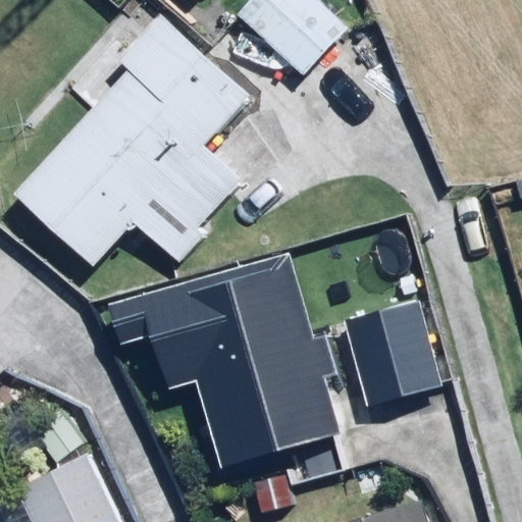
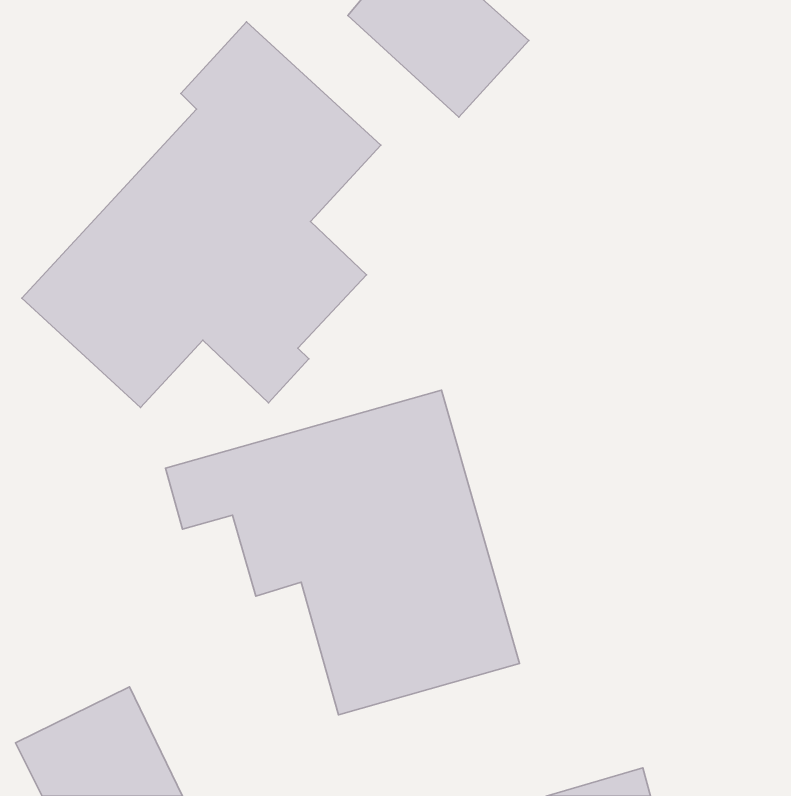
building: [341,300,442,404] -> none

